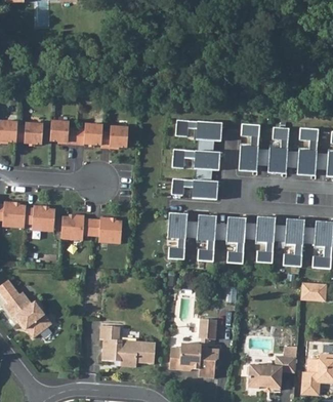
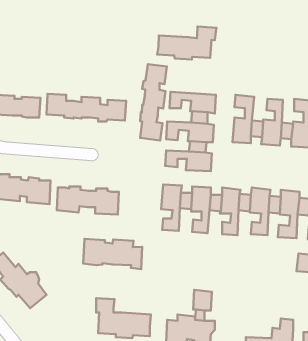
building: none -> [157,27,216,59]
building: none -> [140,64,167,140]
building: none -> [83,239,142,269]

